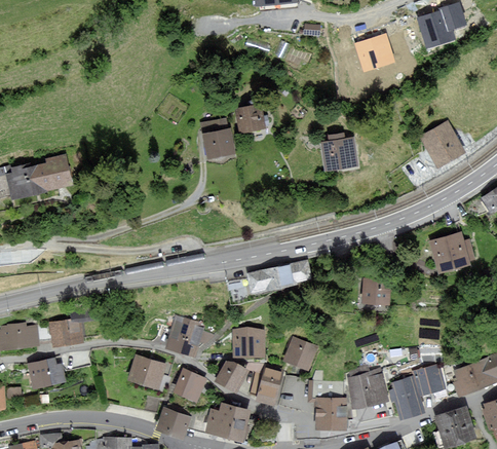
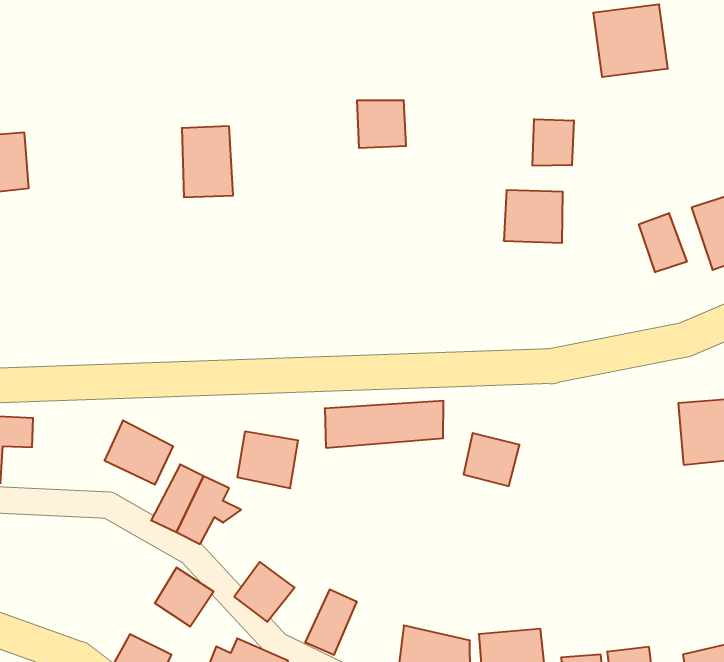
building: none -> [533,119,574,166]
building: [202,118,235,159] -> [182,126,233,197]
building: none -> [639,213,687,272]
building: [362,278,389,303] -> [464,433,520,486]
building: [234,330,263,356] -> [237,432,298,488]
building: [284,338,316,368] -> none
building: [129,356,164,386] -> [104,420,173,485]

